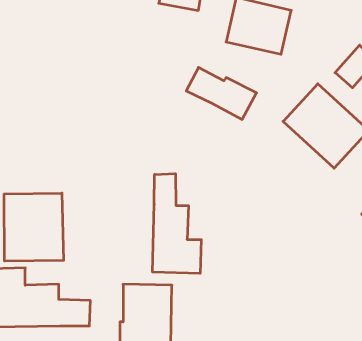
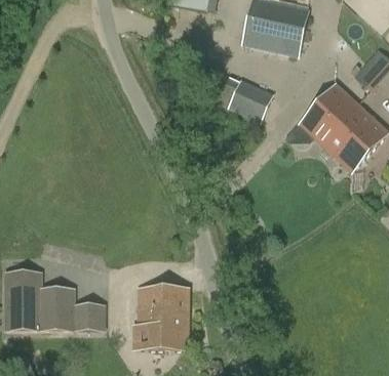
building: [153,174,201,273] -> none
building: [4,193,64,261] -> none

